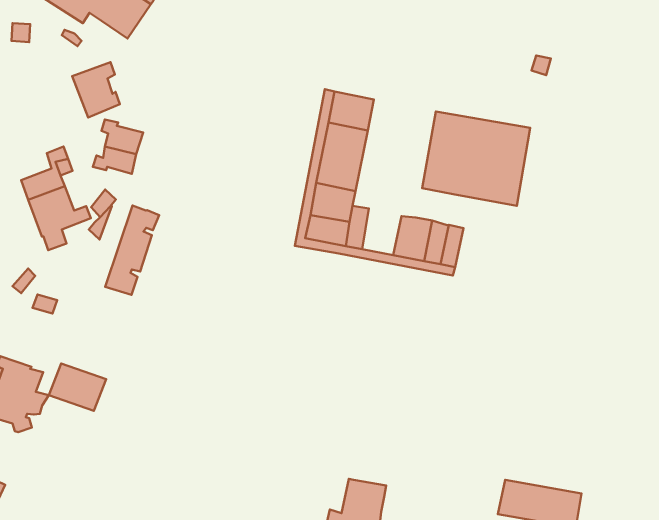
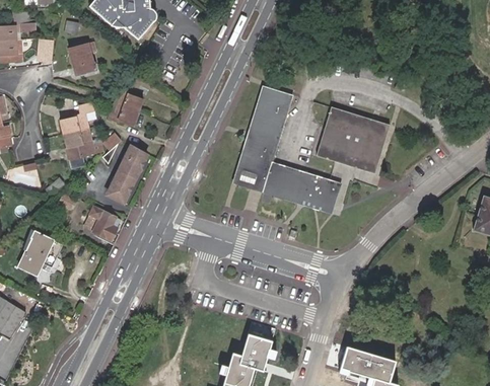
building: [72,62,120,117] -> [68,43,96,76]
building: none -> [273,165,300,197]
building: [49,364,106,411] -> [83,207,121,239]

